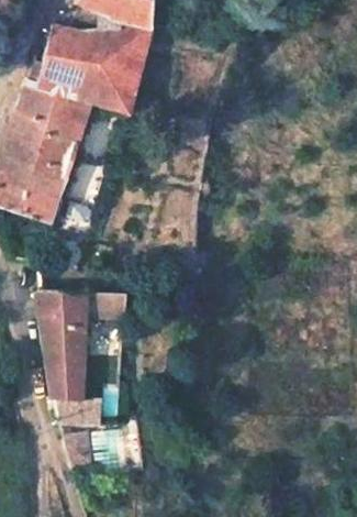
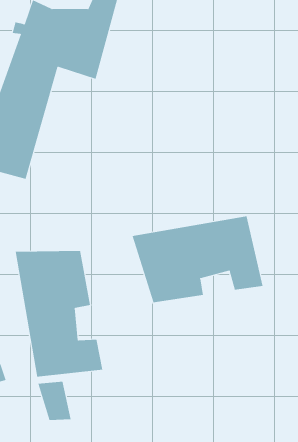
building: none -> [132,216,263,303]

